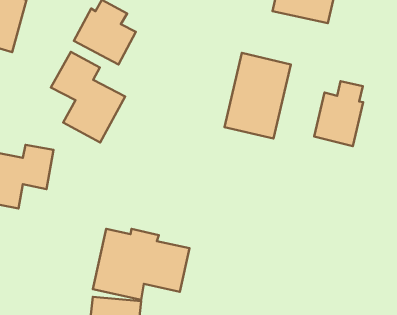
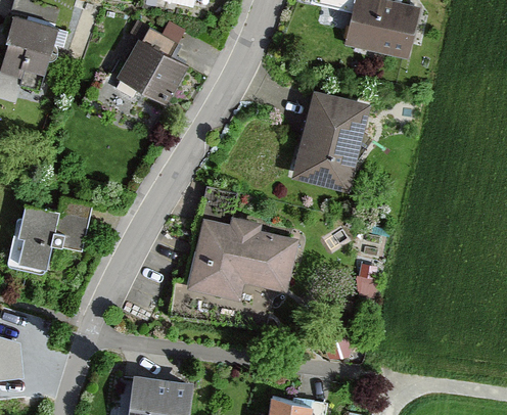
building: [51,52,125,142] -> none
building: [314,81,363,146] -> none
building: [93,229,189,300] -> [184,219,296,302]

